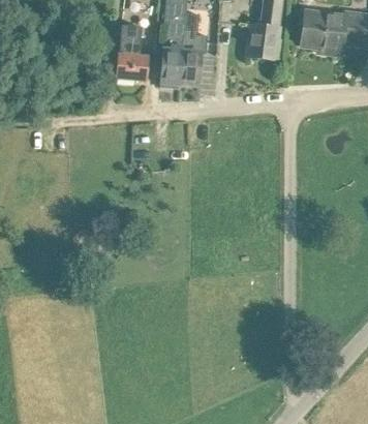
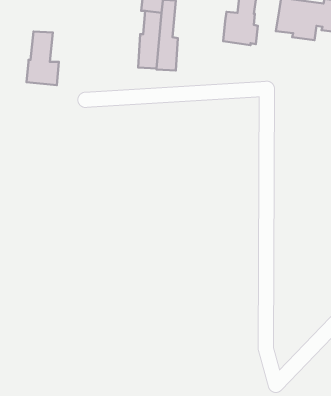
building: [115,26,148,81] -> [26,31,59,85]

